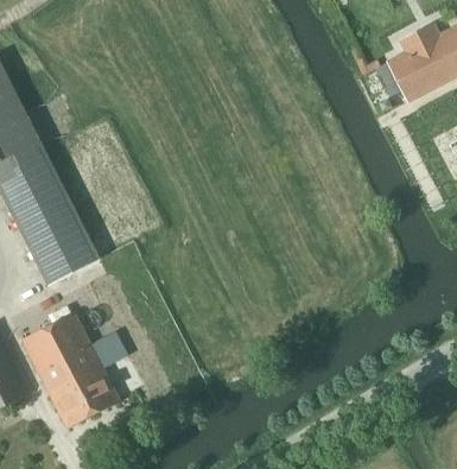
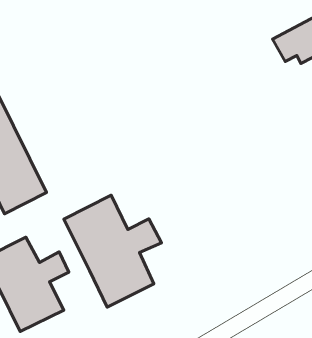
building: none -> [64,195,161,307]

